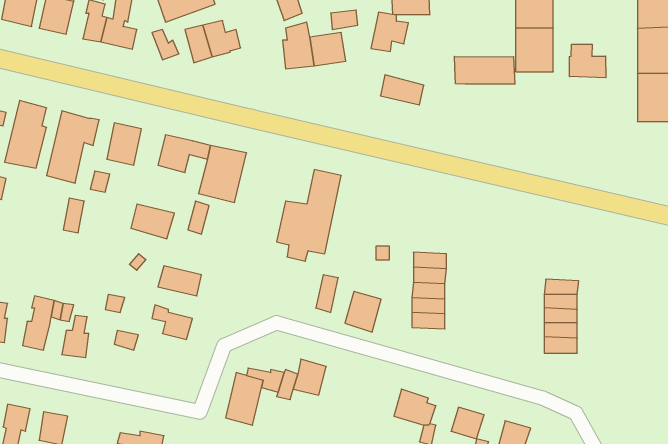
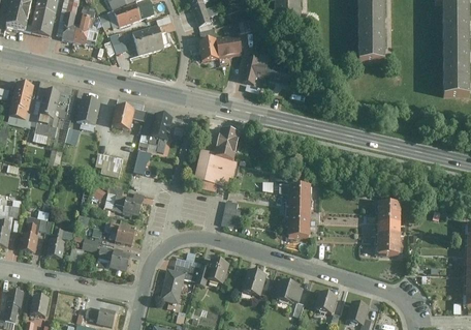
building: [371,12,408,51] -> [243,55,269,82]
building: [569,44,606,78] -> none
building: [454,56,515,84] -> none
building: [345,291,381,332] -> [242,268,266,296]
building: none -> [97,246,131,271]

